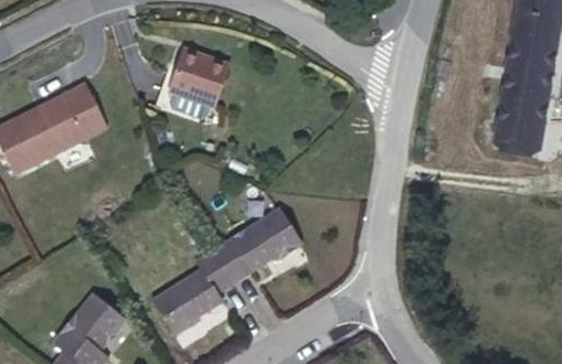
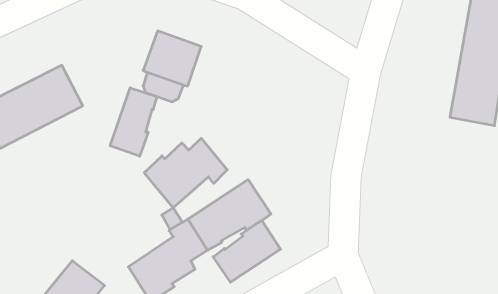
building: none -> [110,88,157,156]
building: none -> [145,138,227,208]
building: none -> [213,221,281,282]

